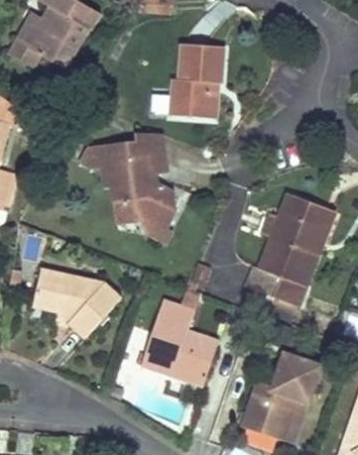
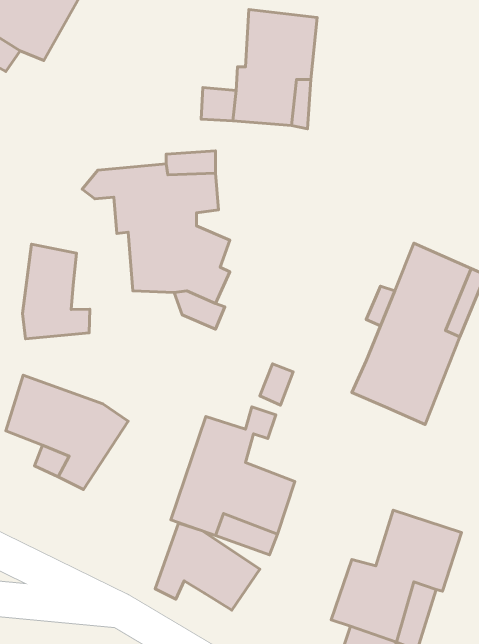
building: none -> [23,244,90,339]
building: none -> [155,523,260,610]

